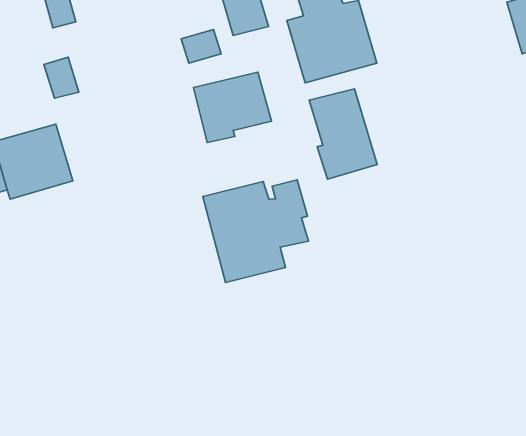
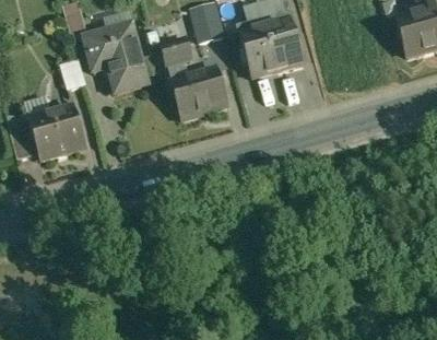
building: none -> [83,23,149,92]
building: [309,89,377,179] -> none
building: [203,180,309,282] -> none

